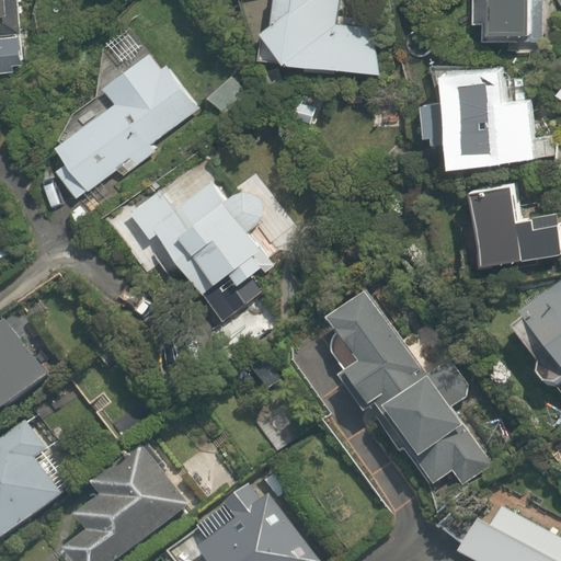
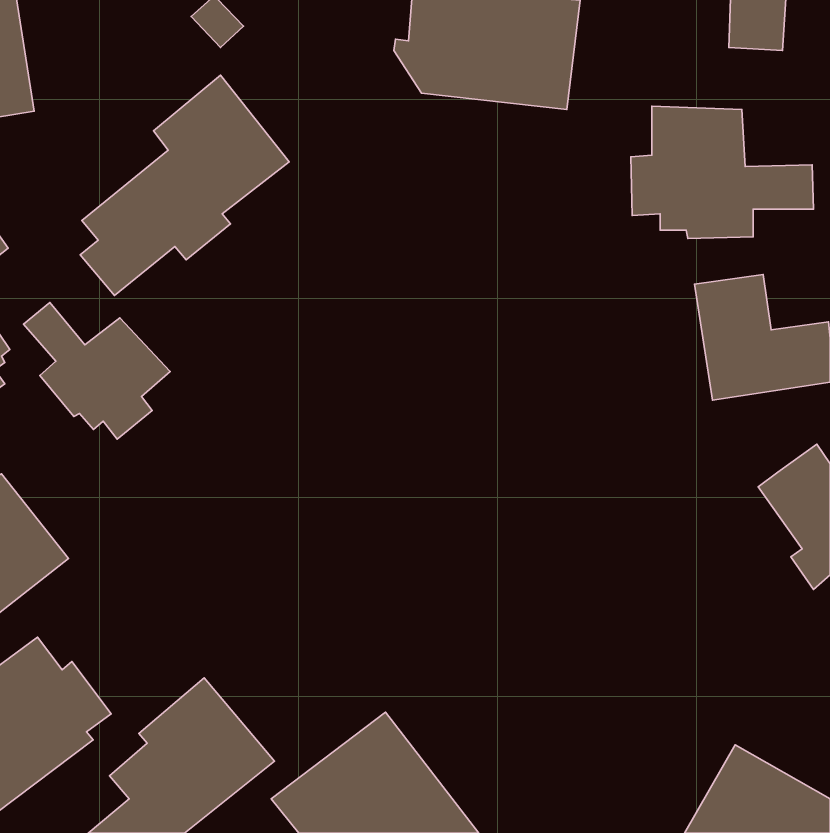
building: [129,179,271,321] -> none
building: none -> [24,303,170,439]
building: [323,299,491,491] -> none

